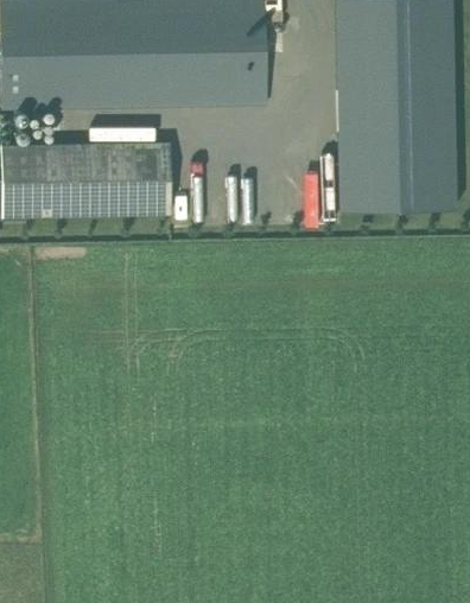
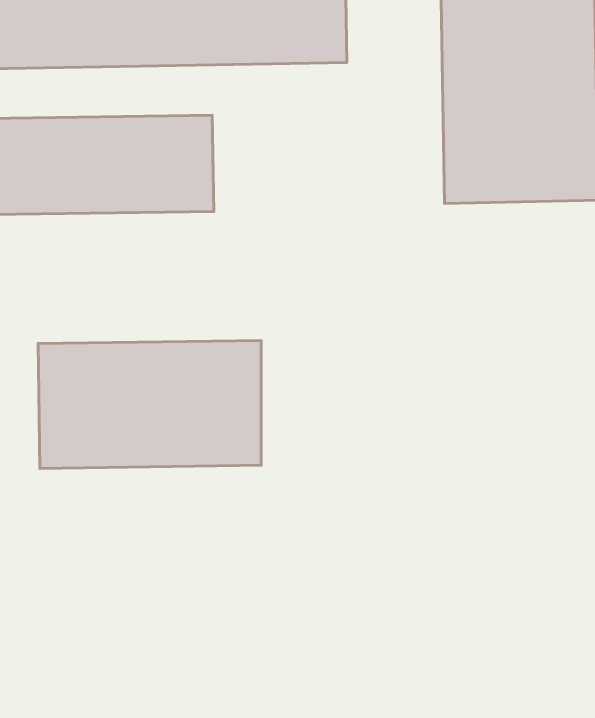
building: none -> [38,340,261,468]

